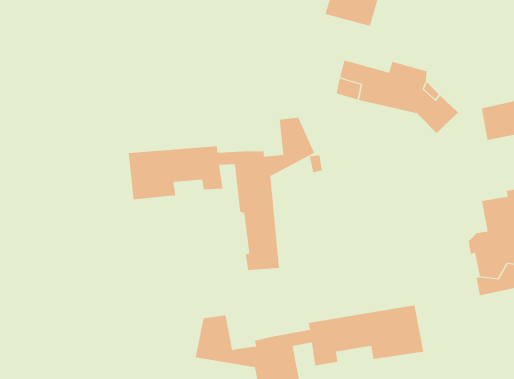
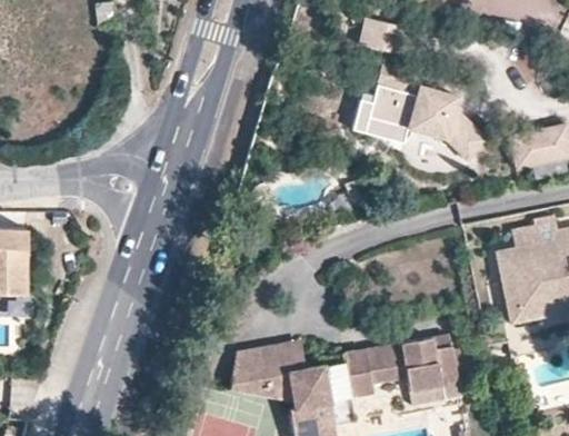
building: [128,117,315,271] -> none
building: none -> [259,337,306,380]

